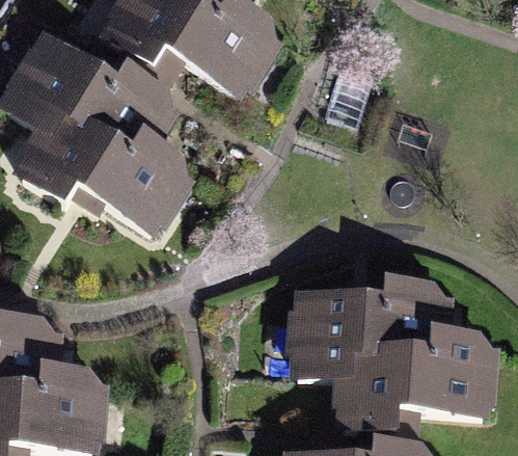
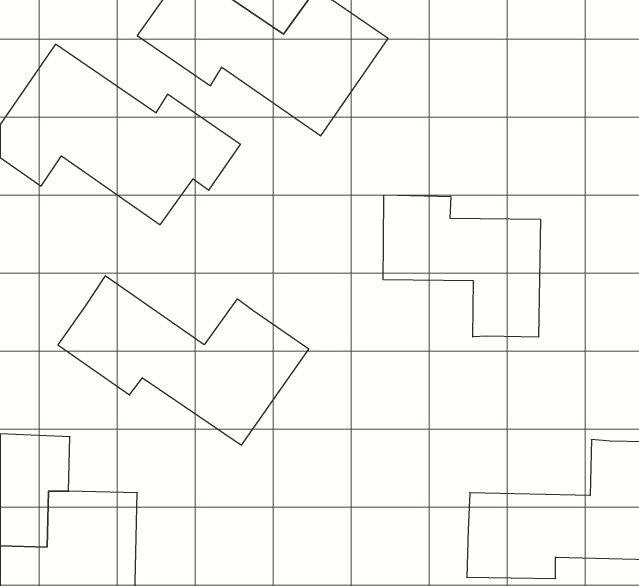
building: [13,133,195,256] -> [58,276,309,445]
building: none -> [383,195,540,337]
building: [293,297,446,404] -> none

